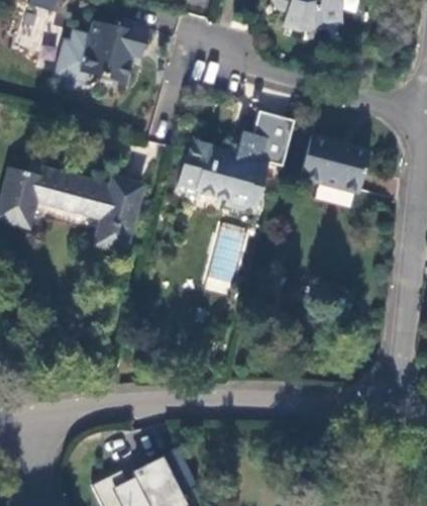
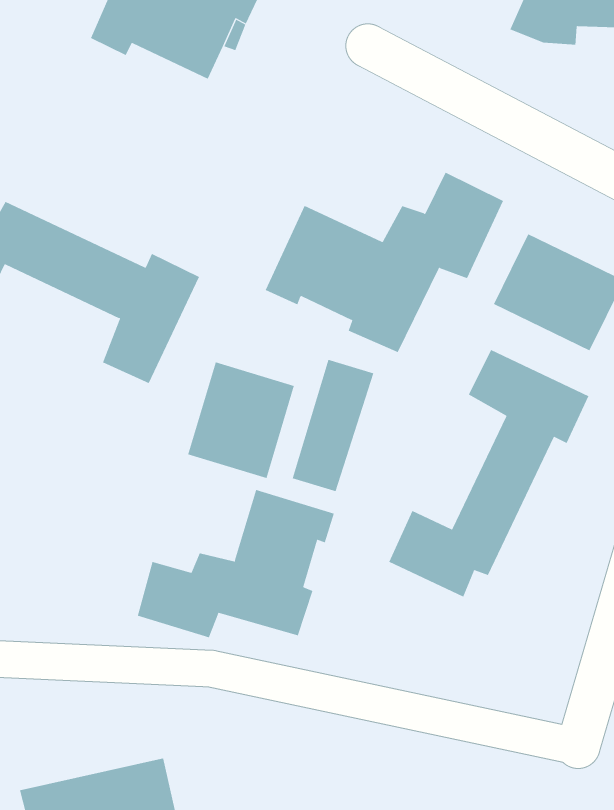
building: none -> [389,349,589,597]
building: none -> [188,361,295,479]
building: none -> [137,489,335,638]

